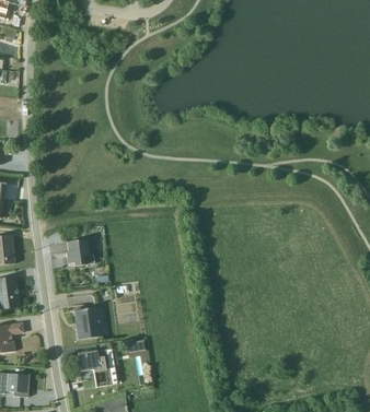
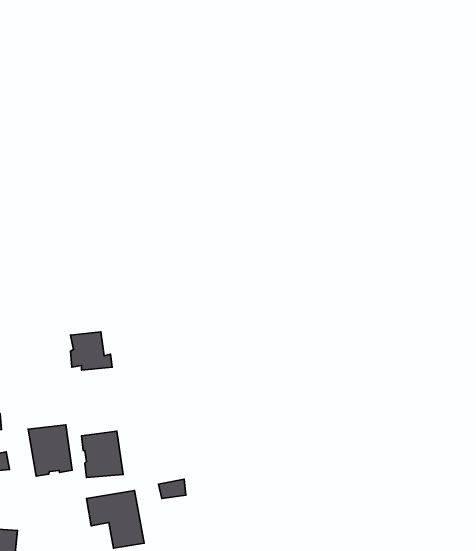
building: none -> [28,425,72,476]

